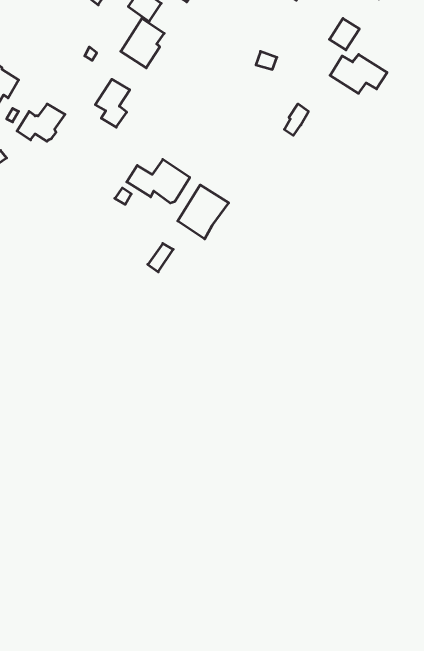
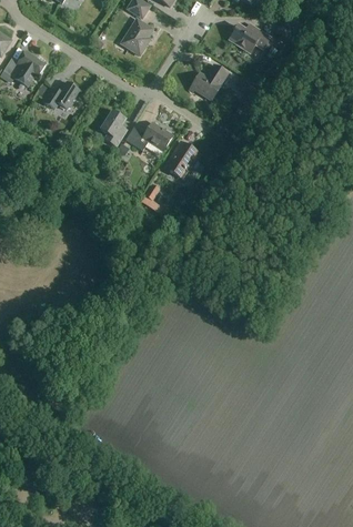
building: [330,54,387,93] -> [229,23,271,52]
building: [95,79,130,127] -> [100,110,125,145]
building: none -> [189,64,228,99]

